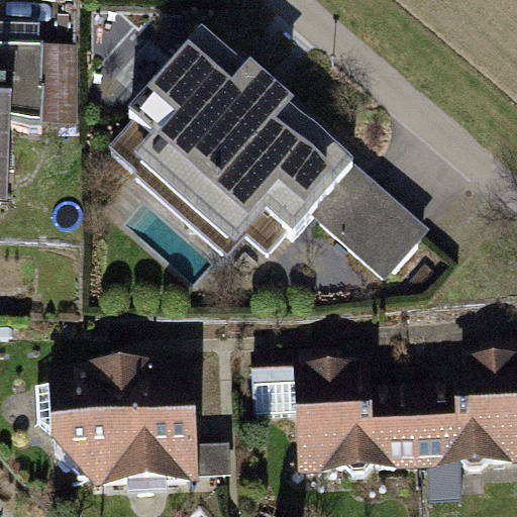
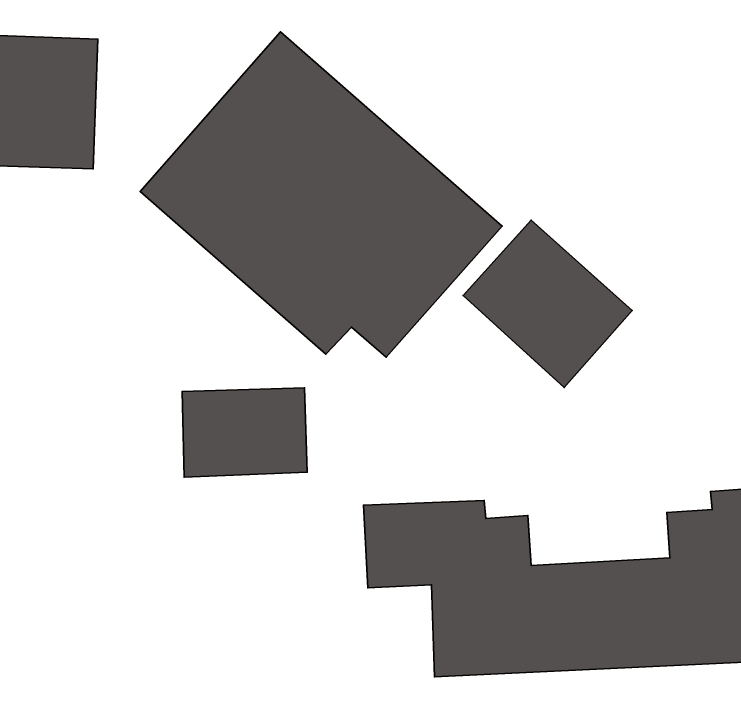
building: none -> [182,388,307,477]
building: [55,371,192,483] -> none

